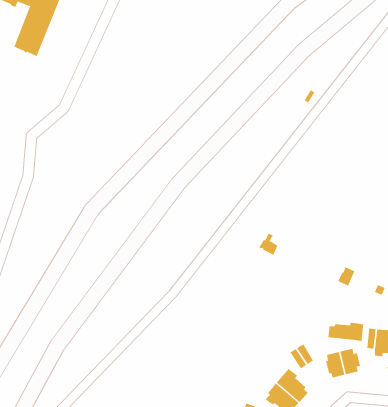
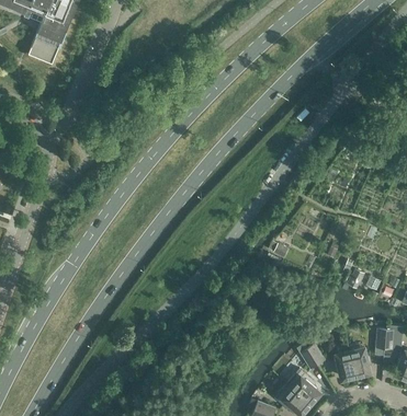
building: [328,322,364,342] -> none

